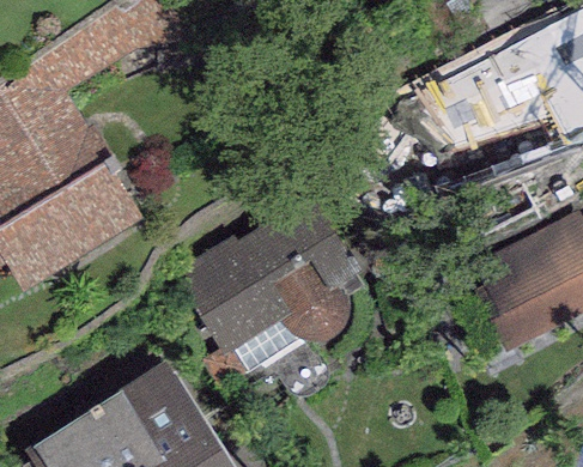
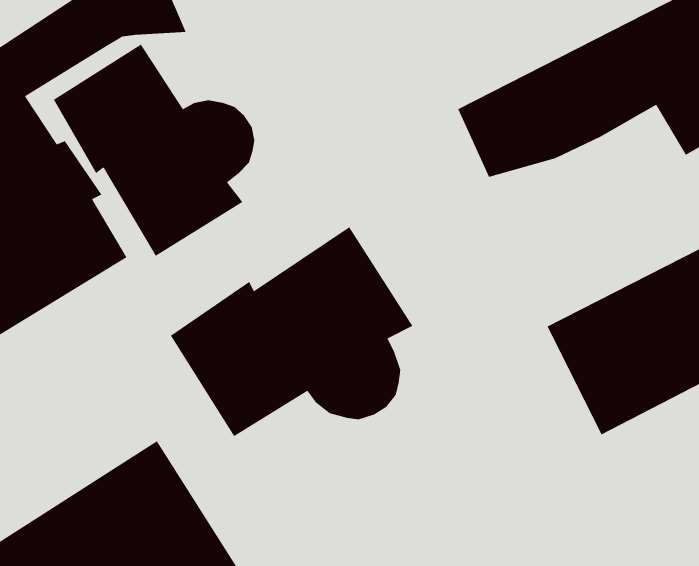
building: none -> [53,43,255,257]

